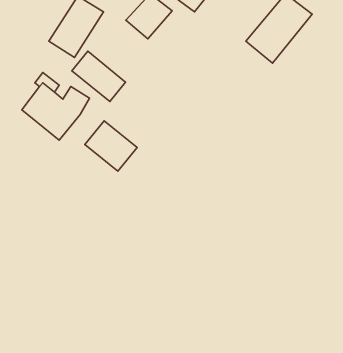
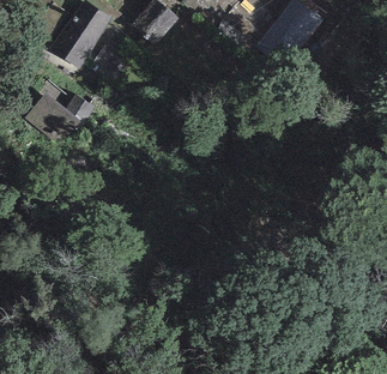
building: [72,51,126,102] -> none
building: [85,121,137,171] -> none

